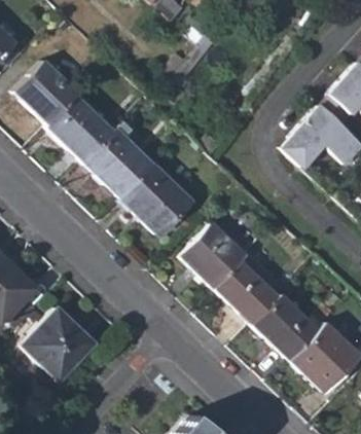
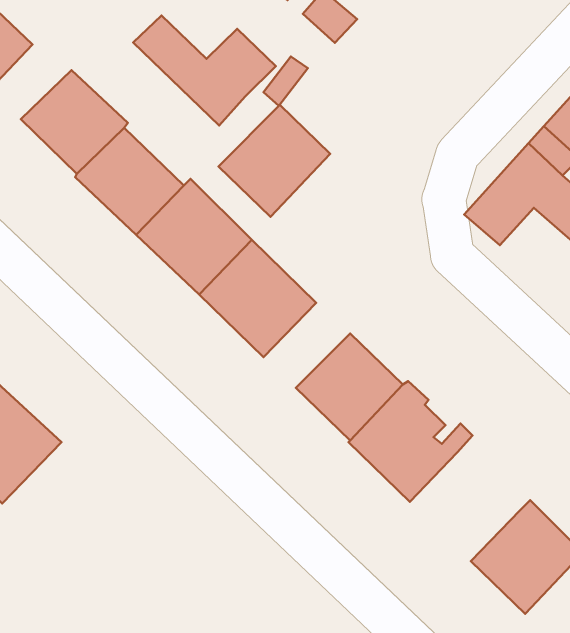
building: none -> [133,15,276,125]
building: none -> [219,105,330,217]
building: [249,293,316,359] -> none
building: [22,308,94,379] -> none

